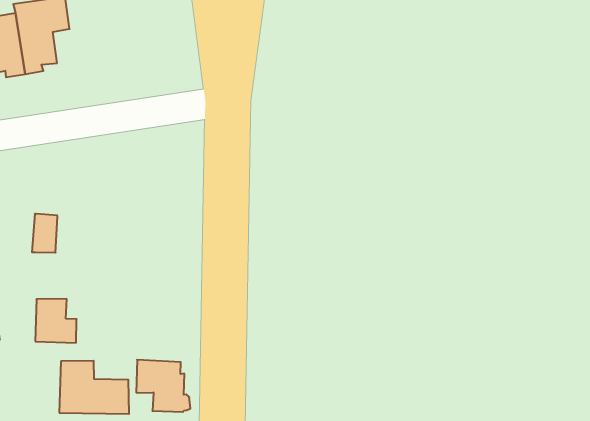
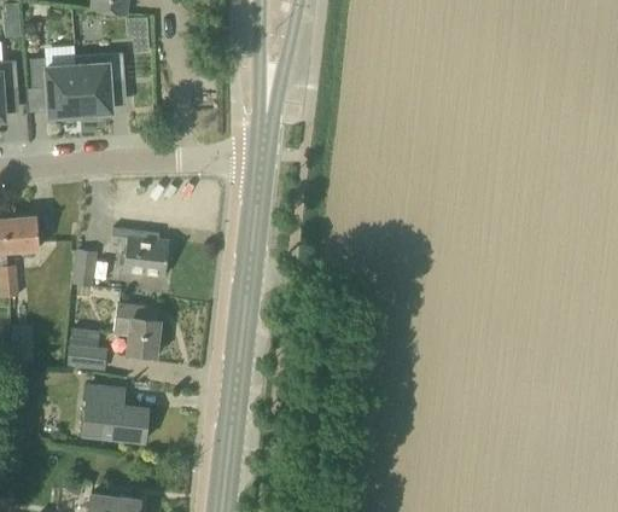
building: none -> [110,228,168,277]
building: [136,360,190,412] -> [113,303,162,355]

